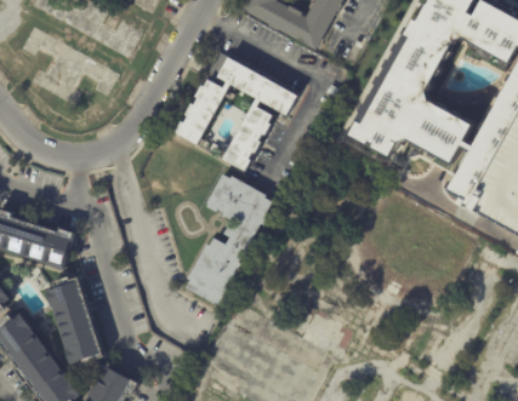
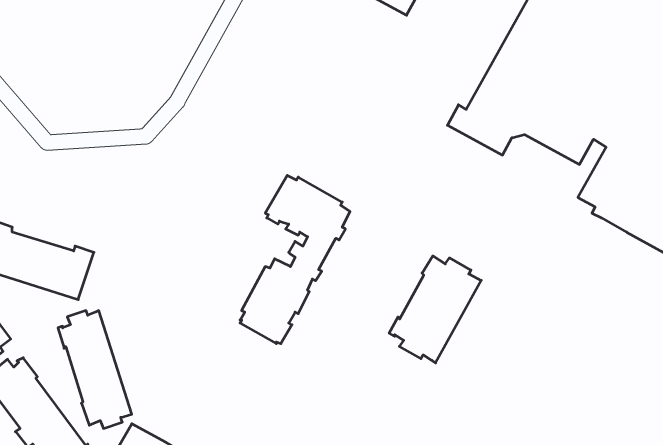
building: [173,51,296,170] -> none
building: none -> [389,256,481,363]

